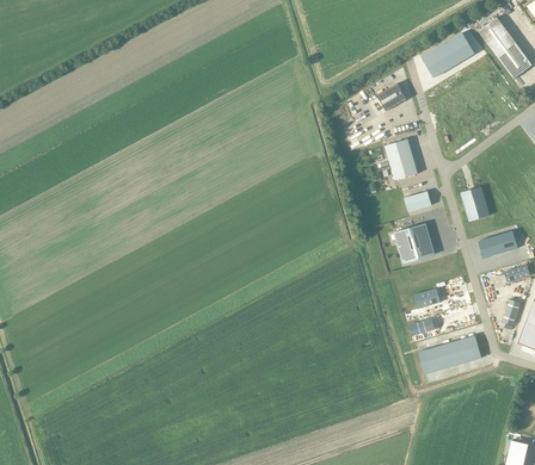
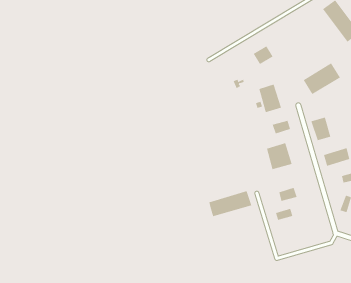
building: [423,31,478,78] -> [303,63,341,95]
building: [420,335,484,373] -> [208,190,252,217]

